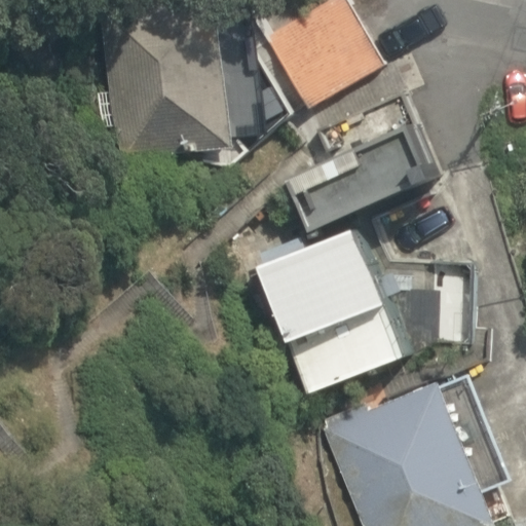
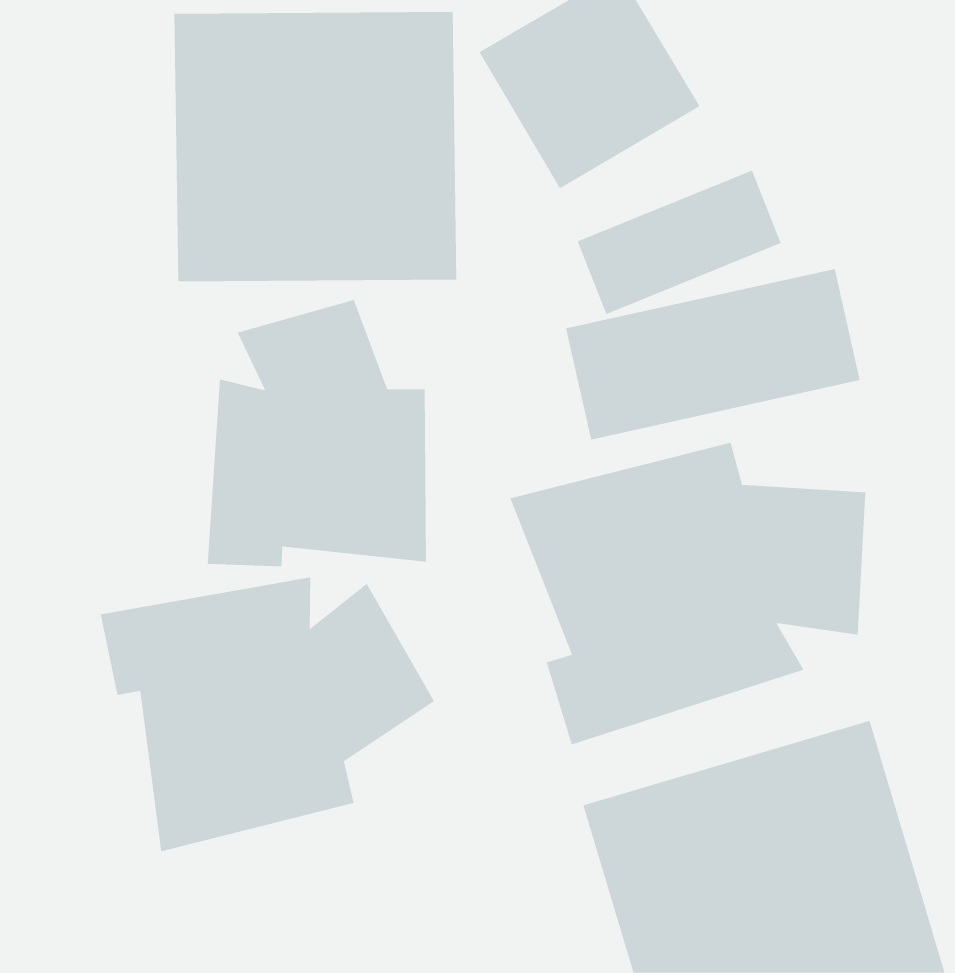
building: none -> [207,299,426,567]
building: none -> [100,576,435,852]

